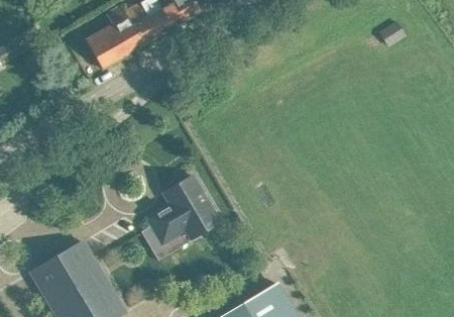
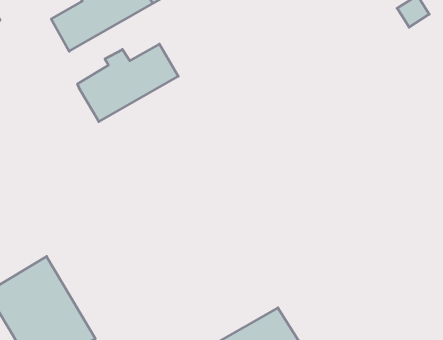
building: none -> [78,44,178,122]
building: [146,176,220,243] -> none

